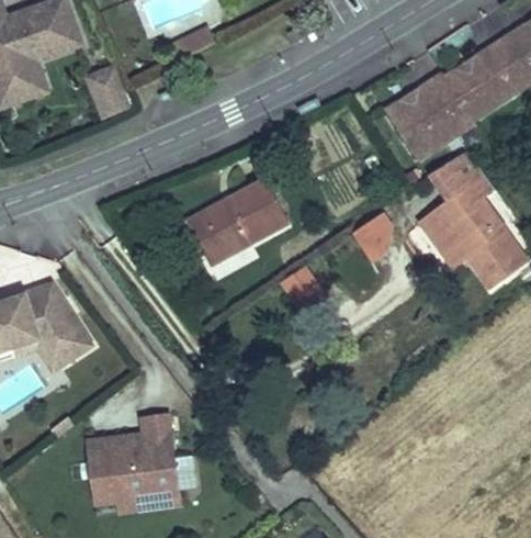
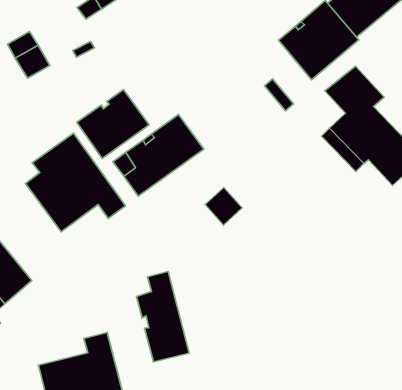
building: none -> [77,89,149,159]
building: none -> [26,133,126,232]
building: [355,212,394,260] -> none
building: none -> [136,271,189,362]

